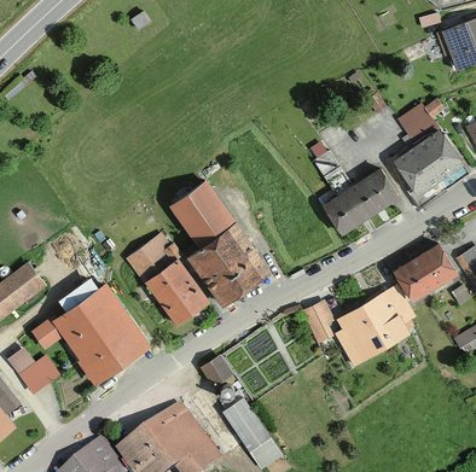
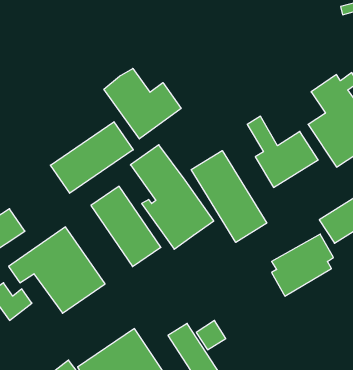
building: none -> [104,68,181,139]
building: none -> [50,122,133,193]
building: none -> [191,151,267,242]
building: [304,302,333,340] -> none
building: [196,350,231,385] -> [196,320,226,350]

